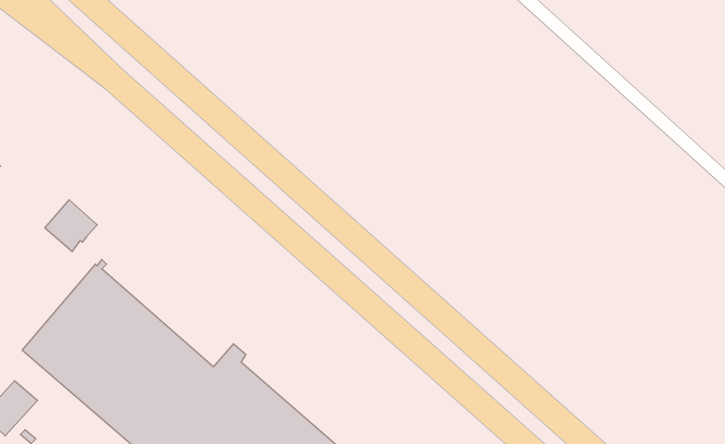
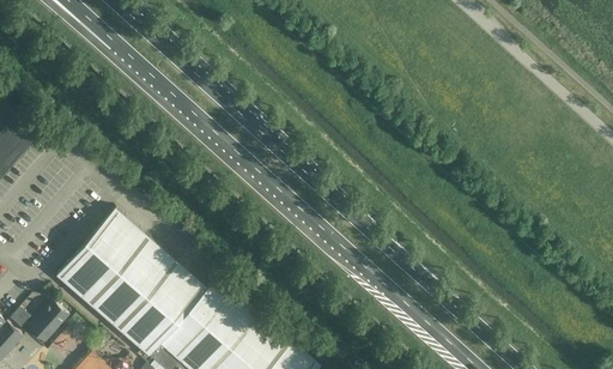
building: [45,200,97,251] -> none

